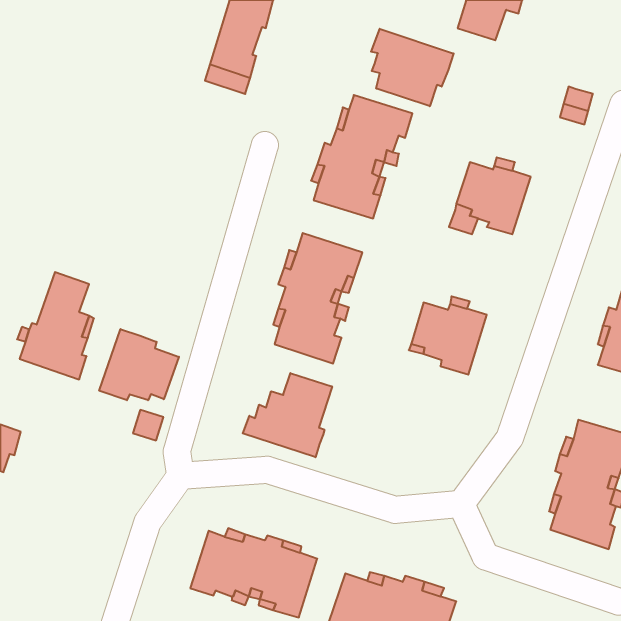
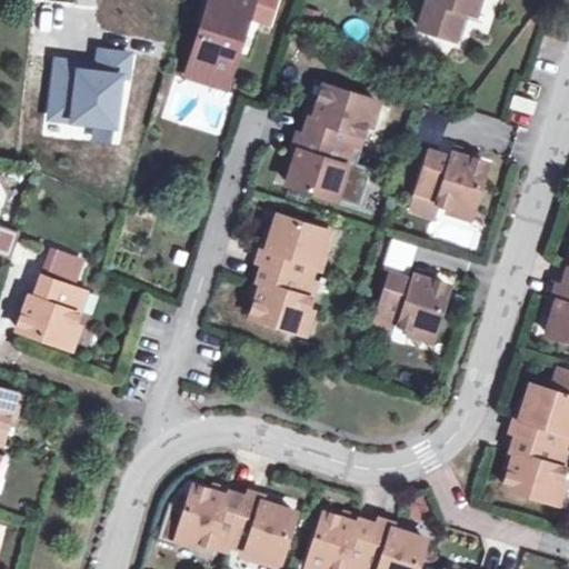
building: [371,29,454,106] -> none
building: none -> [50,50,128,132]
building: [99,329,179,400] -> none
building: [243,373,332,457] -> none

